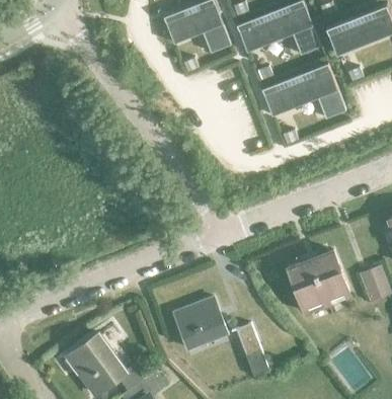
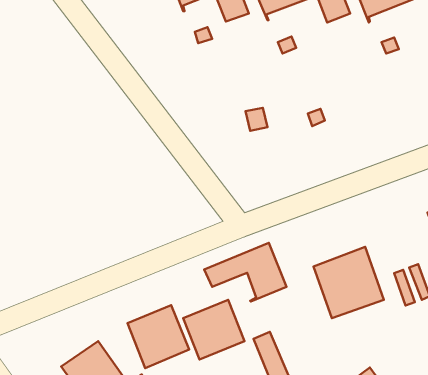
building: [262,64,346,118] -> none
building: none -> [204,243,287,301]
building: none -> [128,305,189,368]

